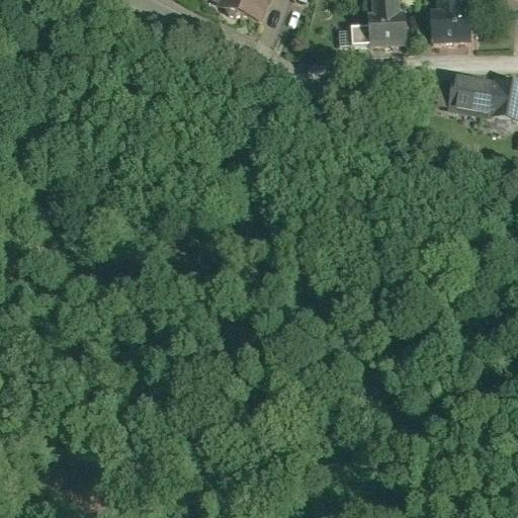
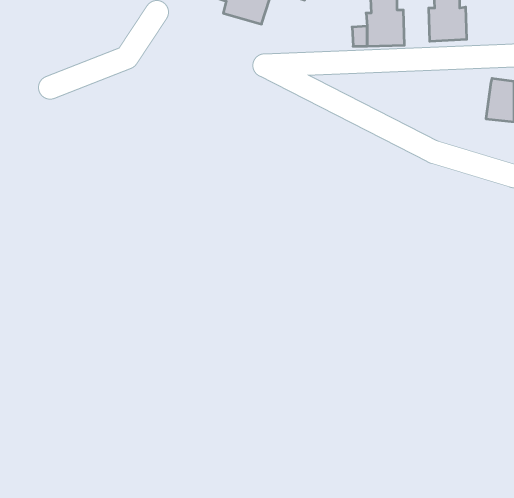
building: [448,78,494,119] -> none

